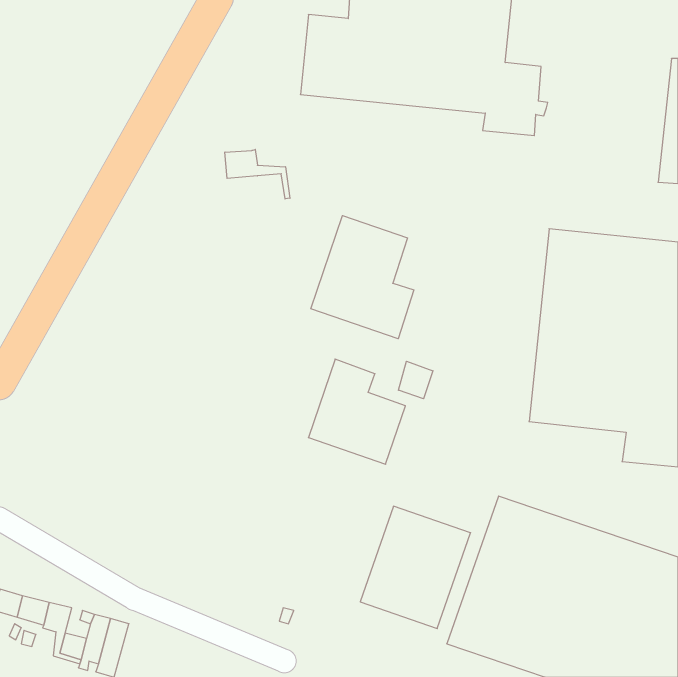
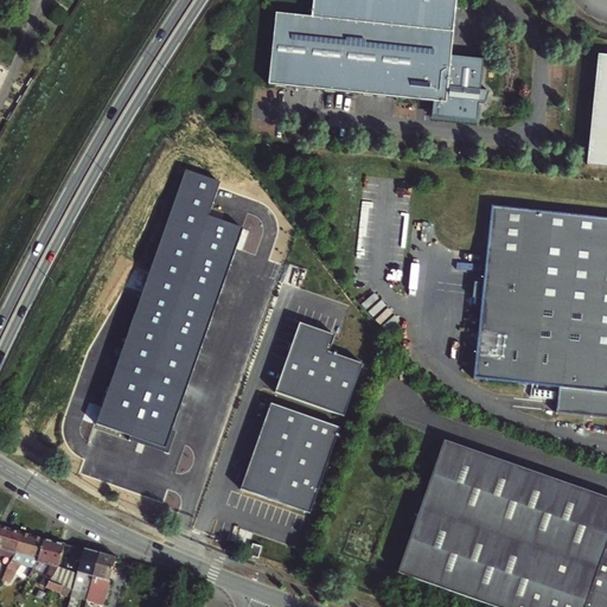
building: [225,149,290,199] -> none
building: none -> [97,168,242,447]
building: [311,216,414,339] -> none
building: [398,361,433,399] -> none
building: [360,506,471,629] -> [241,402,339,511]

